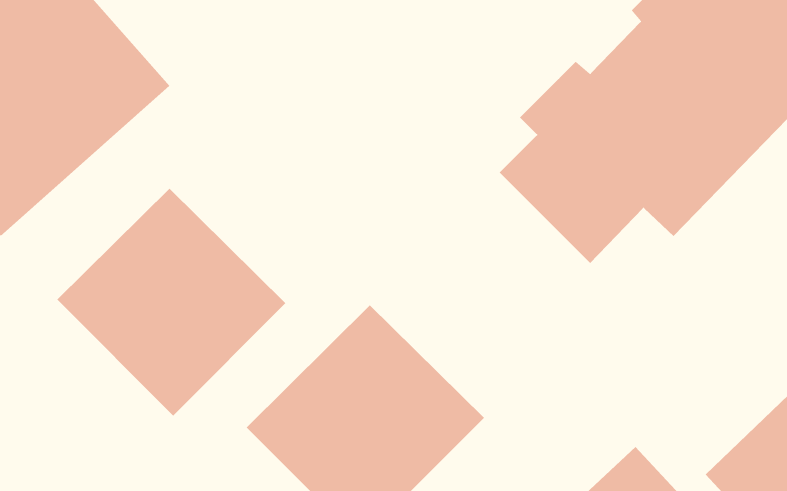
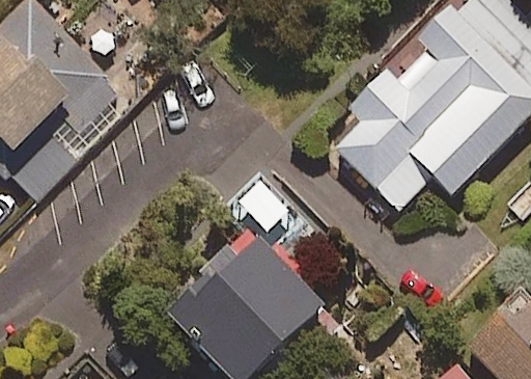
building: [56,188,286,416] -> none

